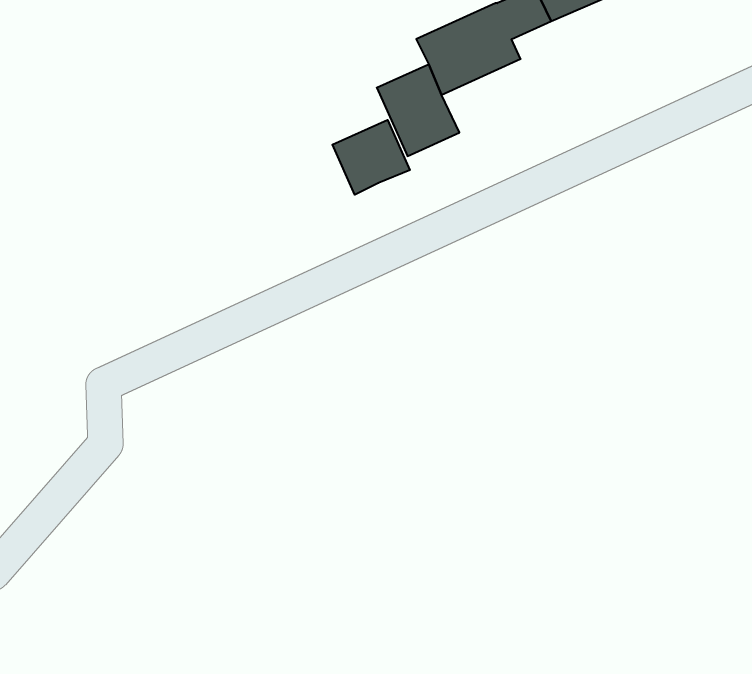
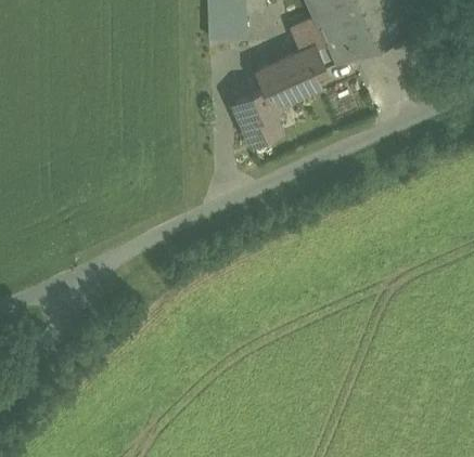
building: [332,120,410,195] -> none

